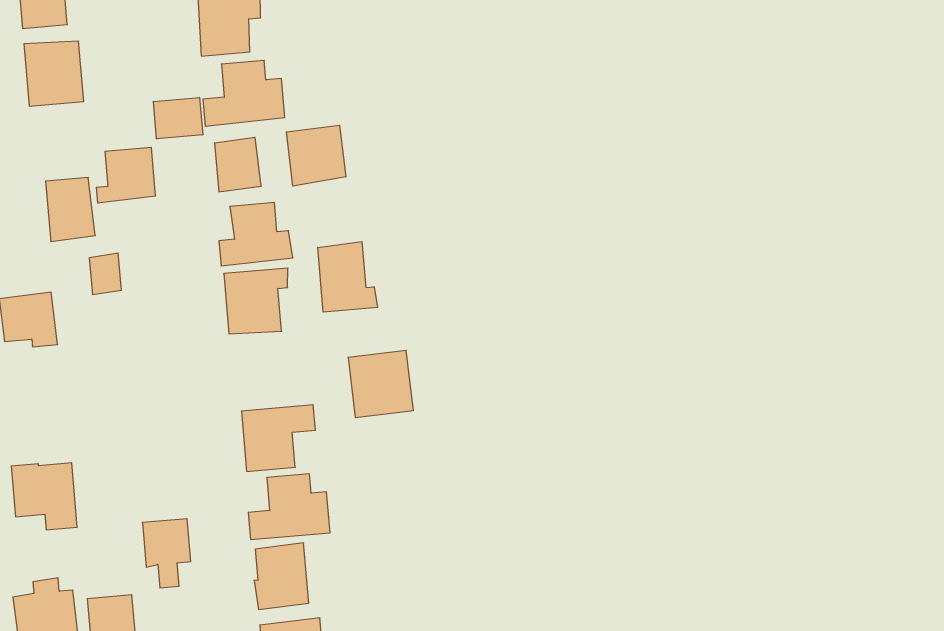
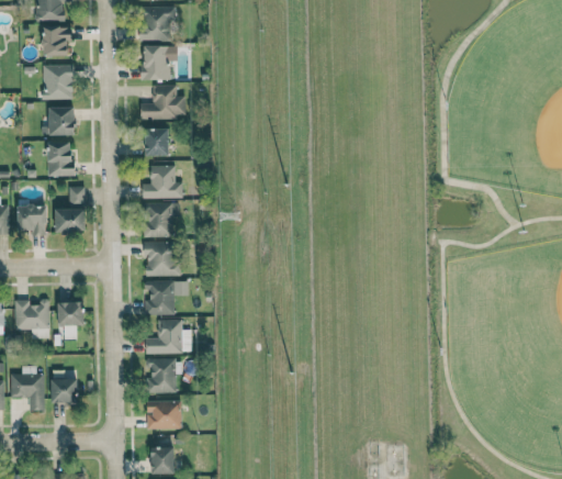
building: [153,97,203,139] -> none
building: [286,125,346,186] -> none
building: [96,147,156,203] -> [42,108,75,136]
building: [318,242,378,312] -> none
building: none -> [55,209,86,234]
building: [348,350,413,418] -> [145,242,179,277]
building: [142,519,191,588] -> [58,302,83,339]

